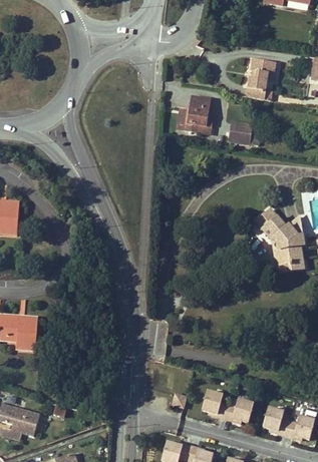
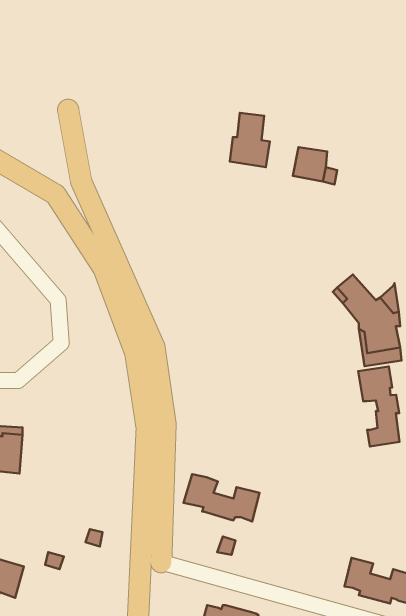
building: [245,58,275,99] -> none
building: none -> [358,366,400,446]
building: [200,391,253,424] -> [184,474,259,522]

